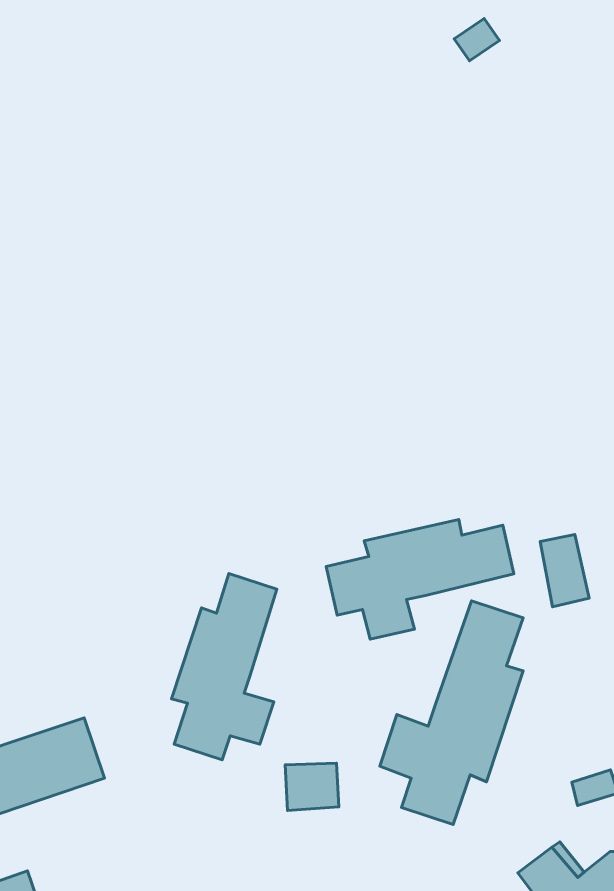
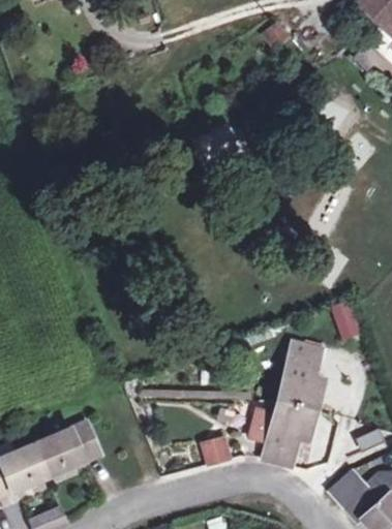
building: [326,520,514,639] -> none
building: [171,573,277,760] -> none

